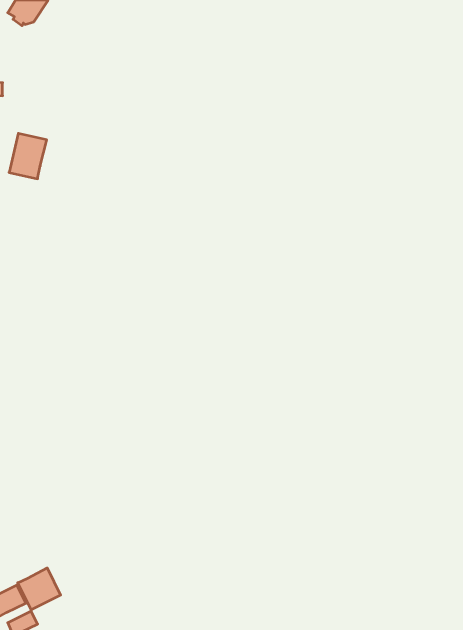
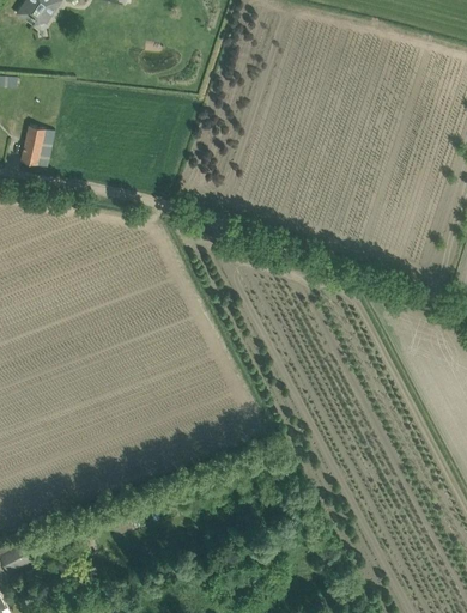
building: [18,568,61,610] -> none

